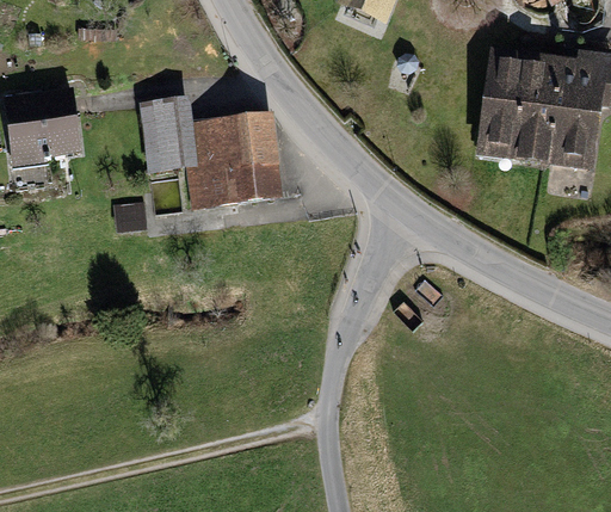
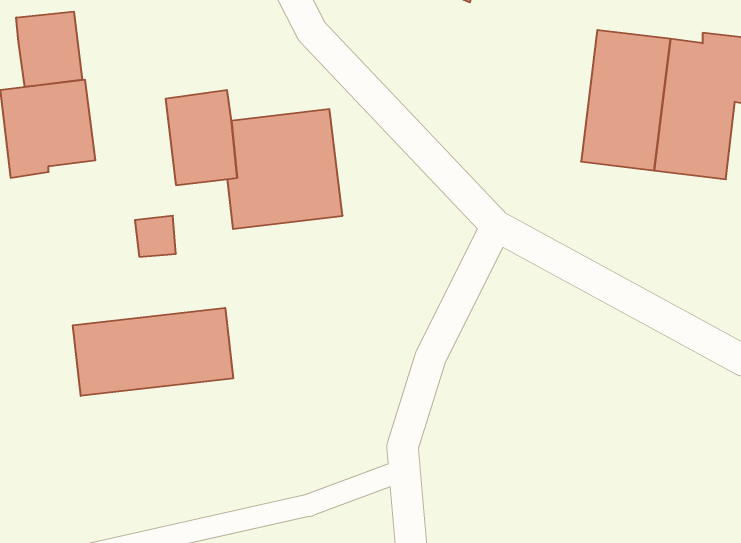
building: none -> [16,12,82,87]
building: none -> [73,308,233,396]

